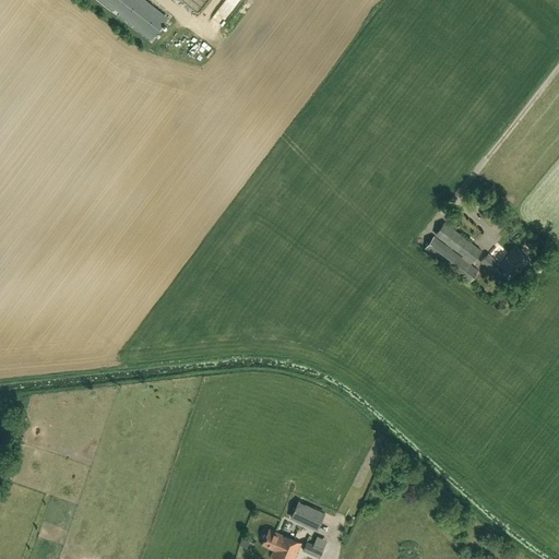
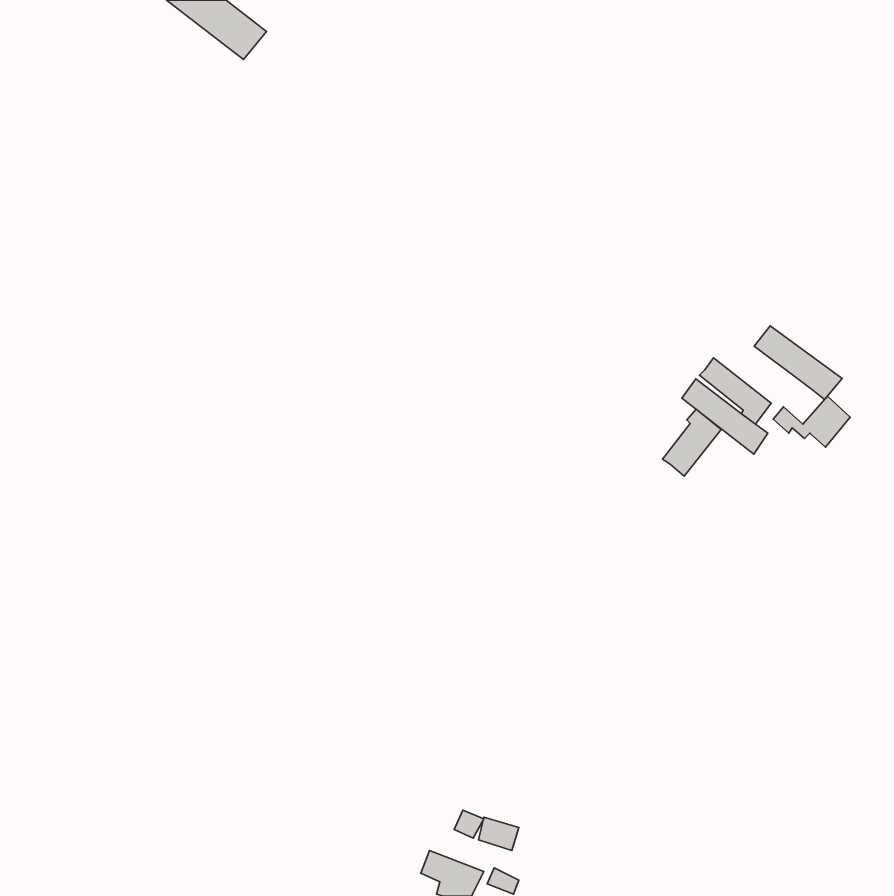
building: none -> [754,326,842,400]
building: none -> [663,409,721,476]

